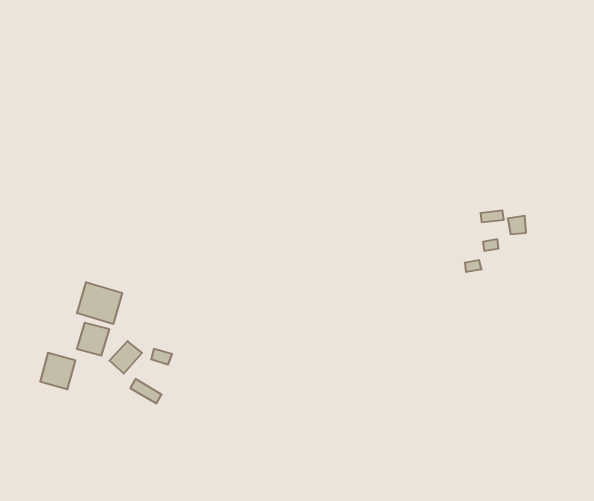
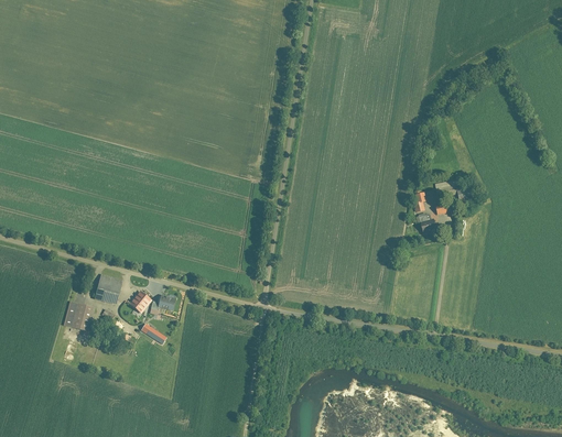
building: [77,282,122,324] -> none

